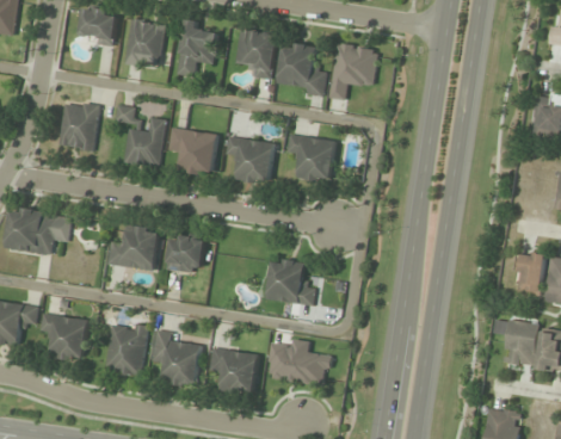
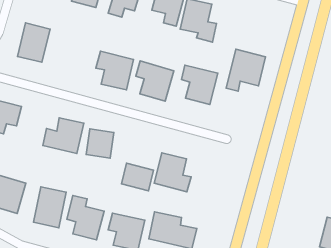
building: [328,42,377,99] -> [226,49,265,91]
building: [115,104,165,168] -> none
building: none -> [121,163,154,191]

